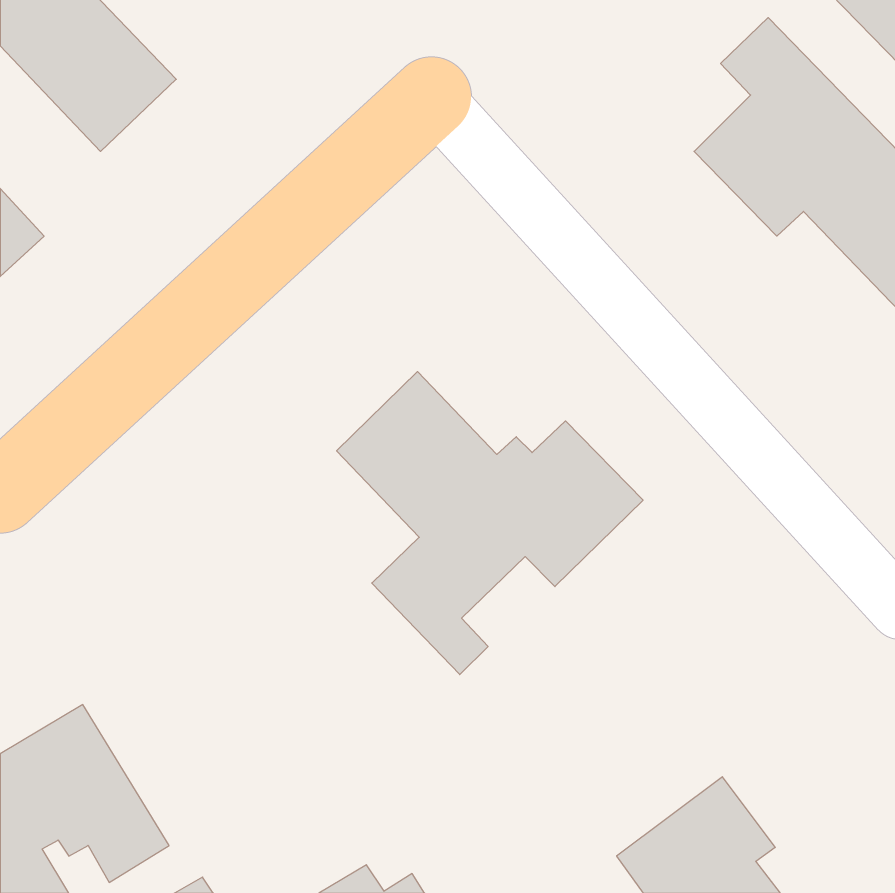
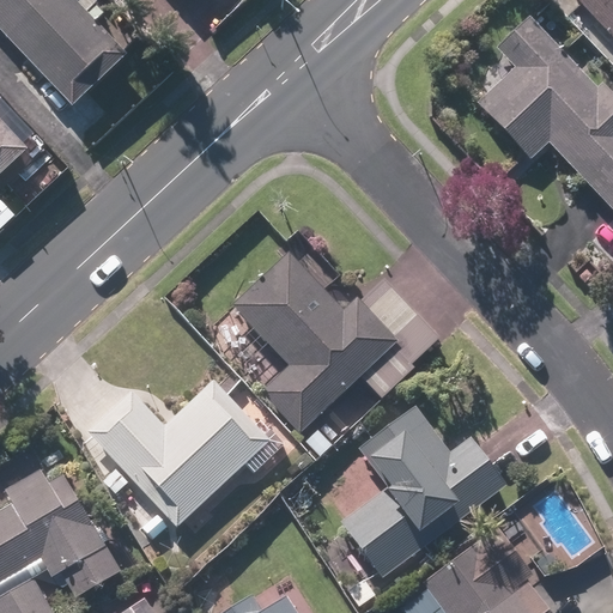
building: none -> [97,380,287,545]
building: none -> [334,401,505,579]

